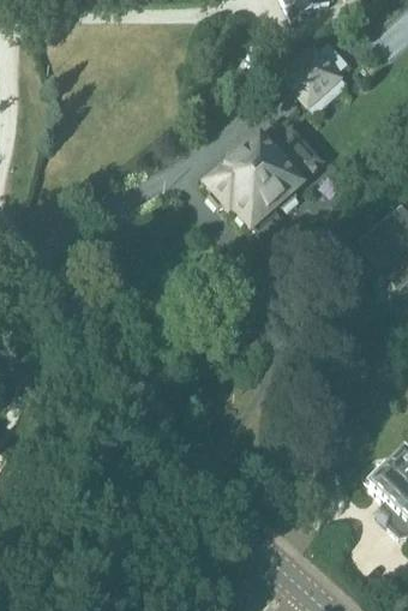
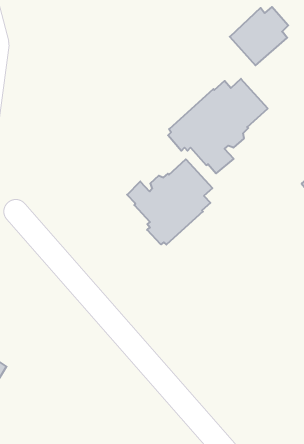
building: none -> [127,159,212,245]

